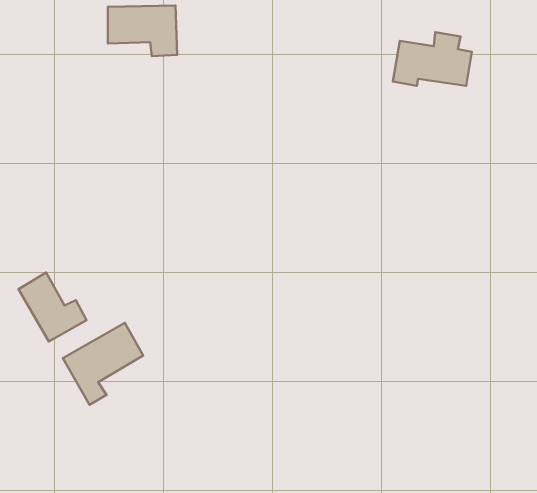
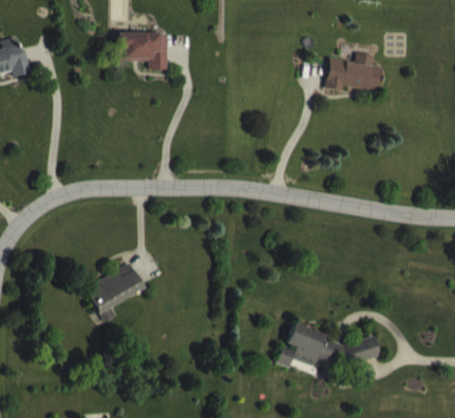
building: [19,273,86,341] -> none
building: none -> [277,322,381,367]

